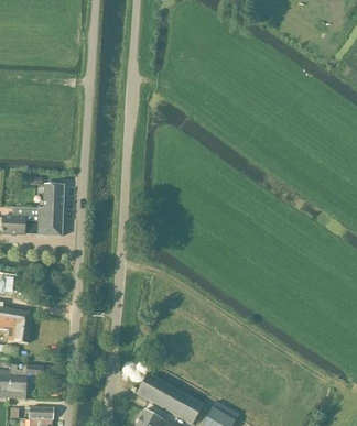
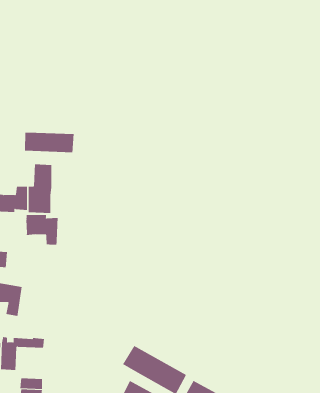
building: none -> [25,132,74,153]
building: none -> [26,214,58,246]

